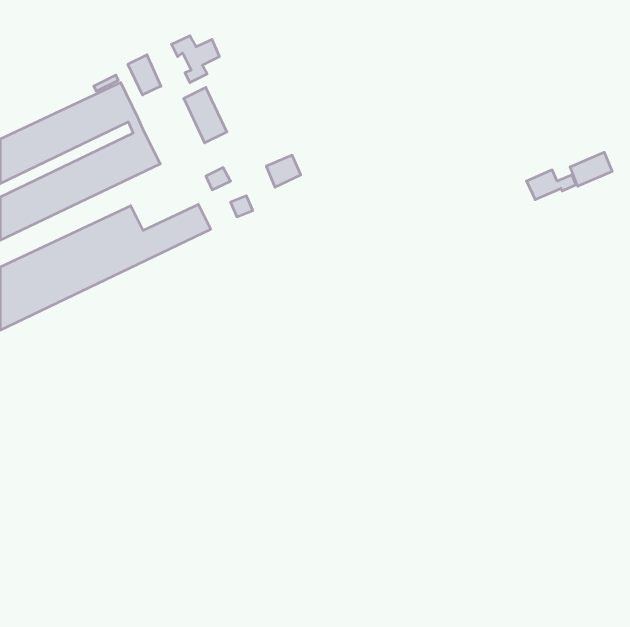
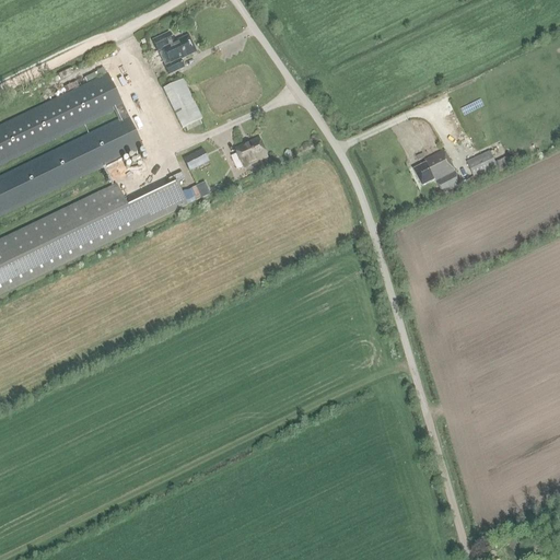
building: [128,55,161,95] -> none
building: [570,152,612,186] -> none
building: none -> [413,149,462,192]

